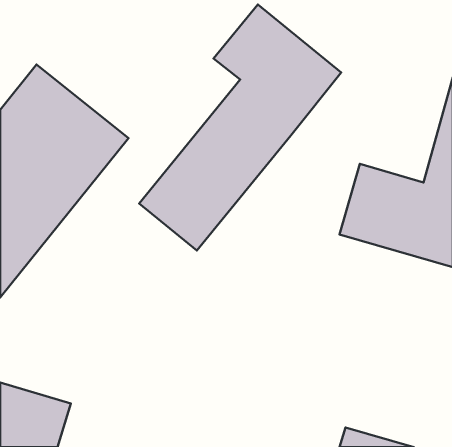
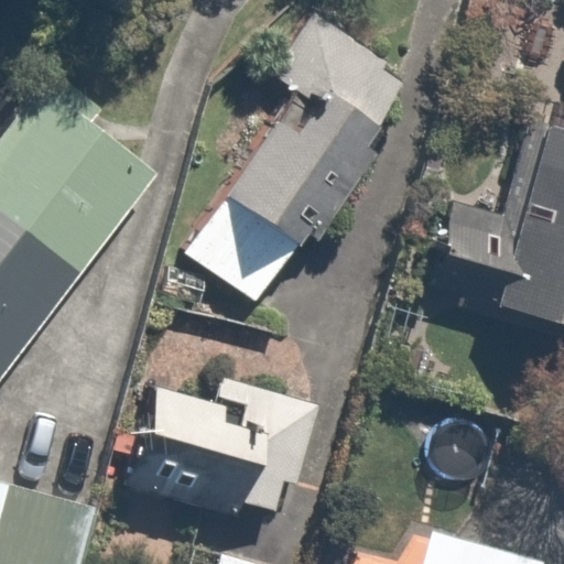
building: none -> [119,369,317,533]

